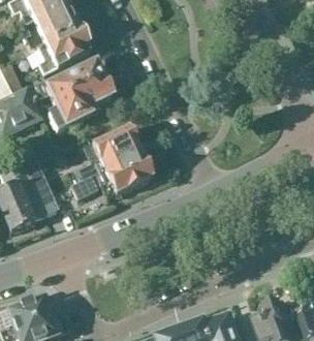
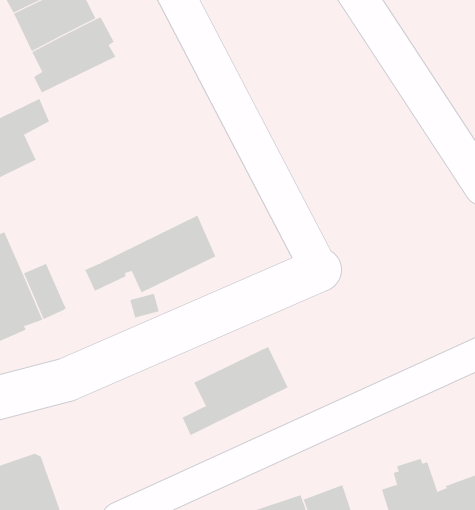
building: [43,62,112,129] -> none
building: [75,124,142,180] -> [182,346,288,436]

